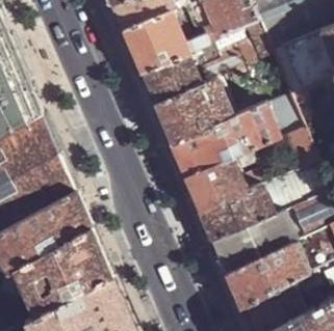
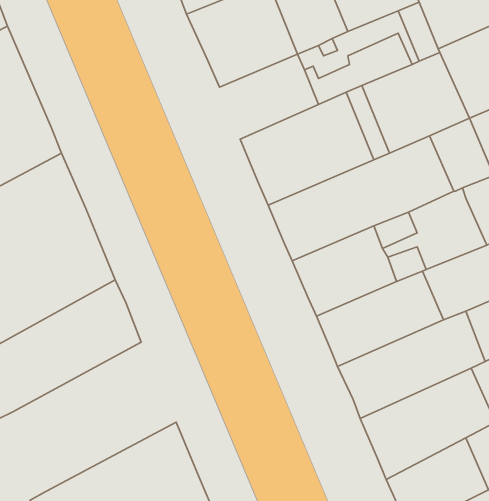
building: [139,54,199,105] -> none
building: [16,226,113,315] -> none

